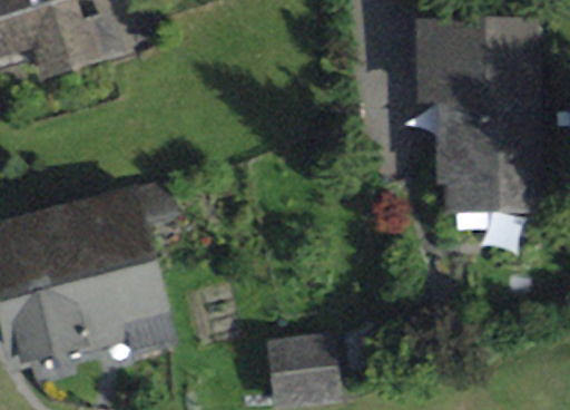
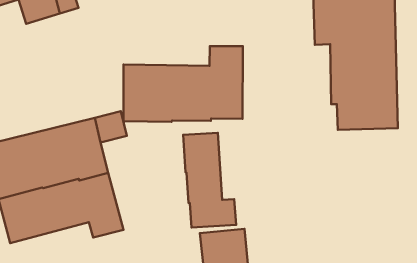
building: none -> [123,46,243,122]
building: none -> [183,133,236,227]

